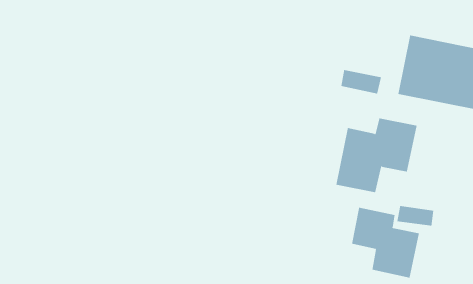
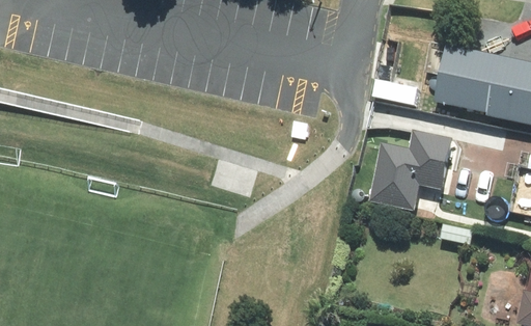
building: [351,207,419,279] -> none

